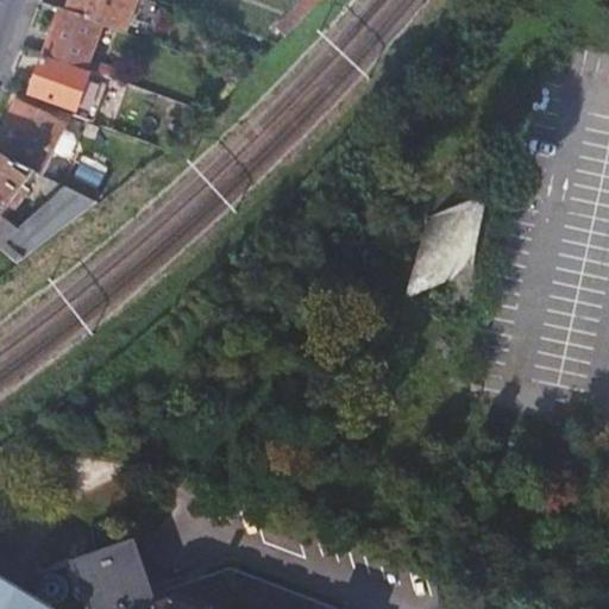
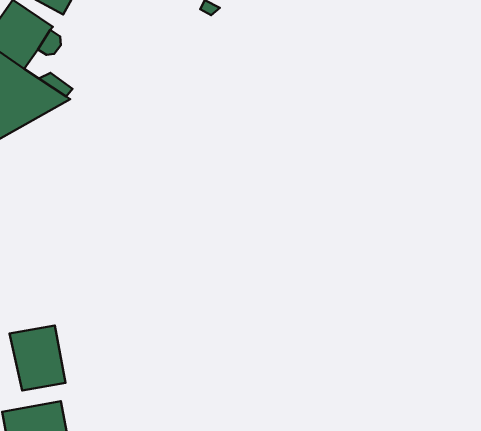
building: [415,203,482,284] -> none
building: none -> [9,326,65,391]

